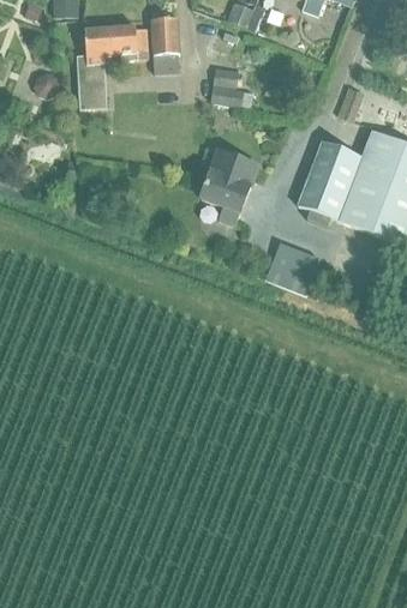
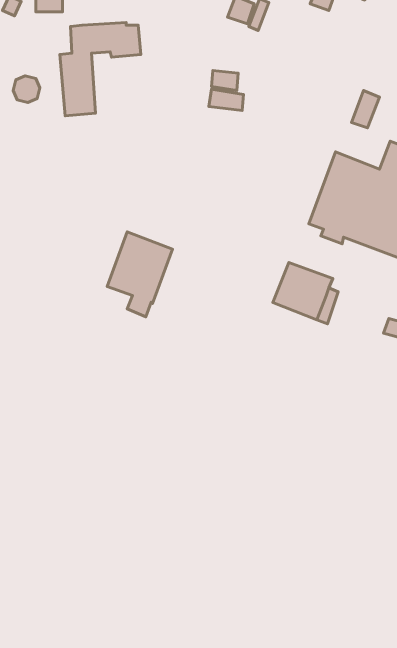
building: [151,16,180,71] -> none
building: [199,148,258,224] -> [107,232,173,317]

